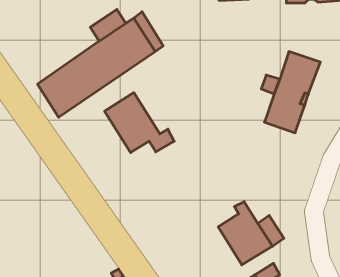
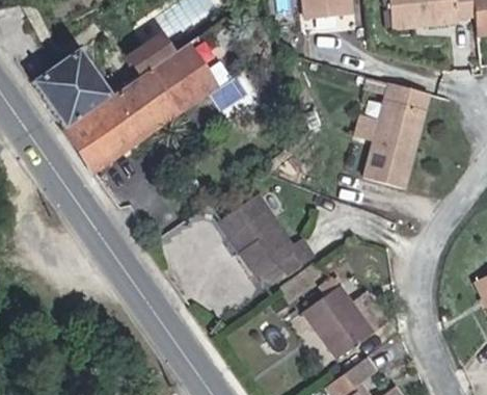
building: none -> [38,45,116,127]
building: [105,93,174,153] -> [219,200,308,276]

